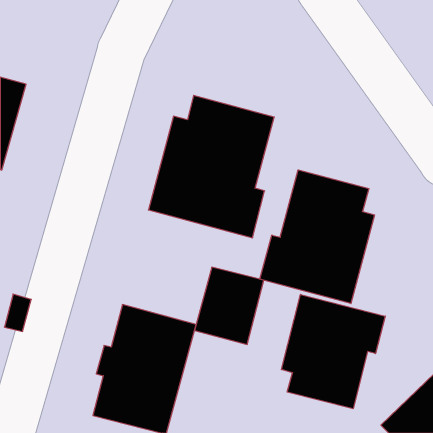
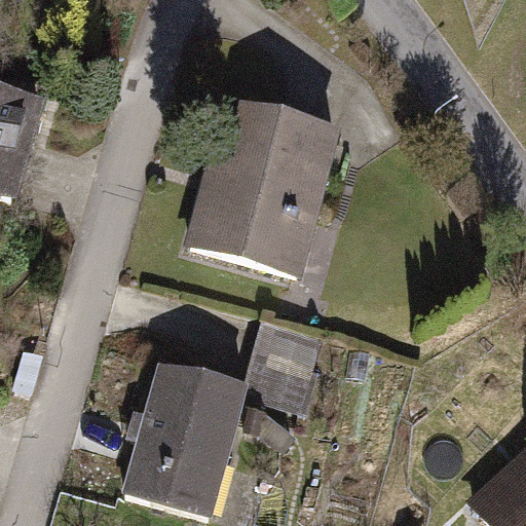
building: [260,170,374,304] -> none
building: [281,294,385,409] -> none

